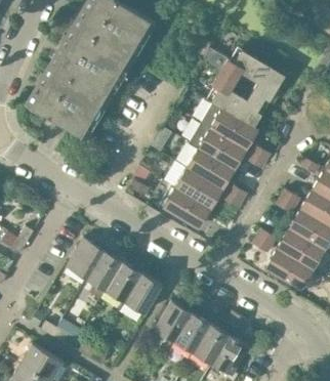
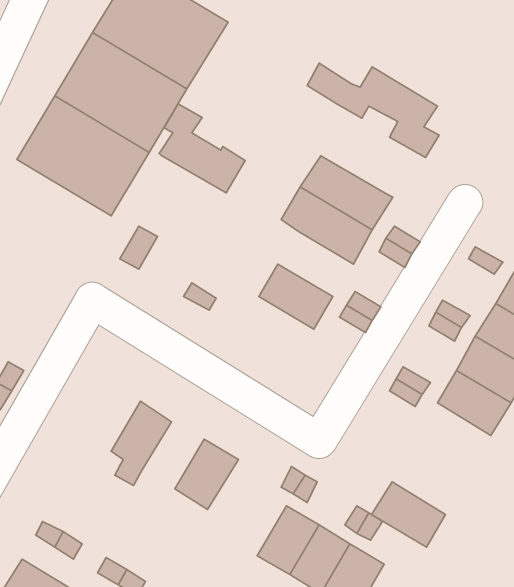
building: [209,73,260,126] -> [159,104,245,193]
building: [184,149,230,187] -> none
building: [162,187,206,226] -> none
building: [65,239,102,280] -> none
building: [267,251,312,290] -> [372,482,445,547]
building: [104,262,140,302] -> none
building: [153,300,190,342] -> none

